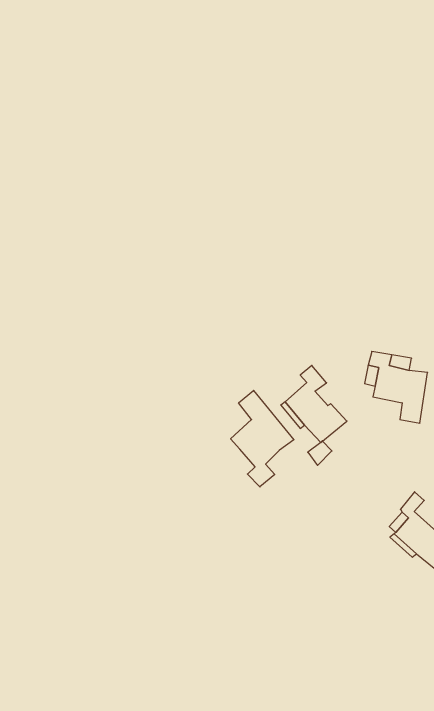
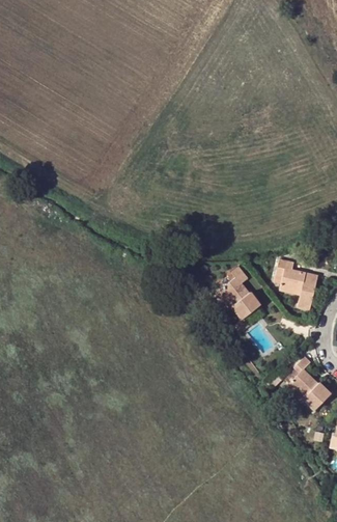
building: [231,390,294,487] -> none

